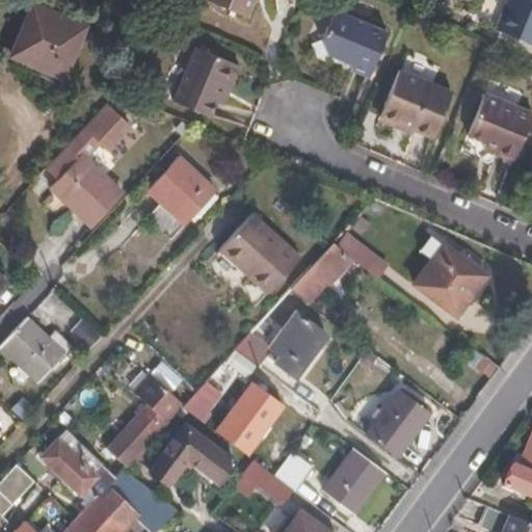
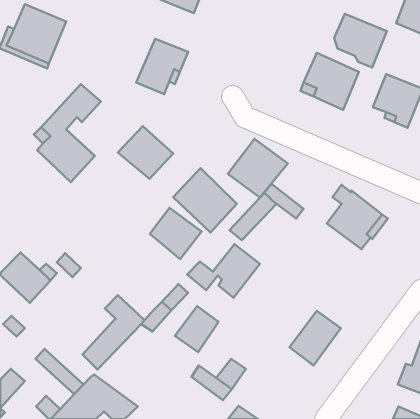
building: [319,9,385,77] -> [334,14,387,68]
building: none -> [228,139,288,197]
building: none -> [150,208,202,259]
building: [149,425,233,485] -> none
building: [324,449,388,513] -> none

